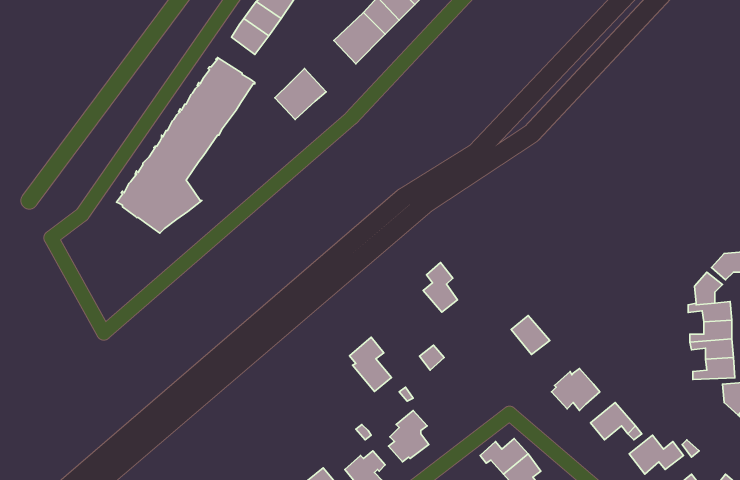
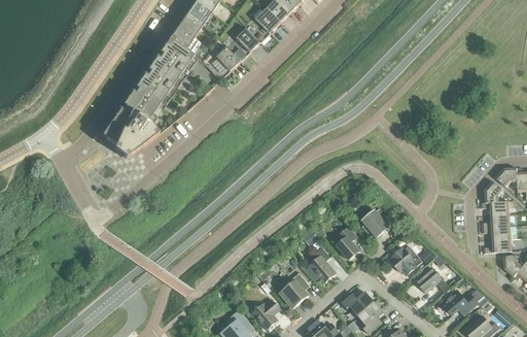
building: none -> [168,26,198,54]
building: none -> [225,28,259,62]
building: [423,263,457,312] -> [336,227,358,260]
building: [350,337,392,392] -> [307,246,335,282]

